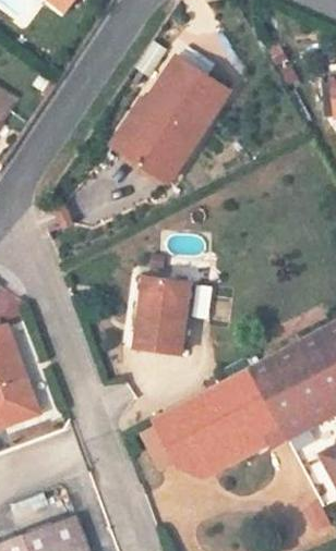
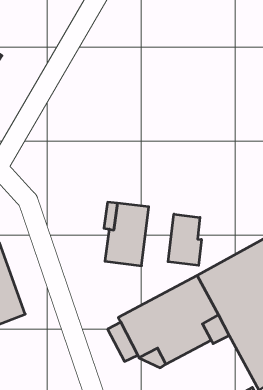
building: [112,57,229,182] -> none
building: none -> [168,214,201,265]

